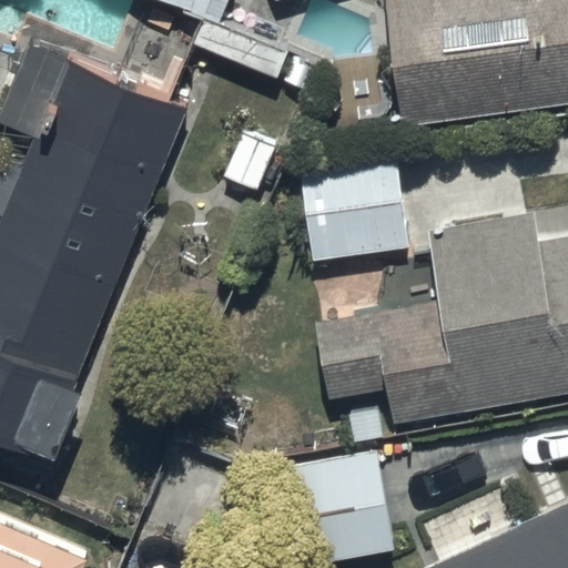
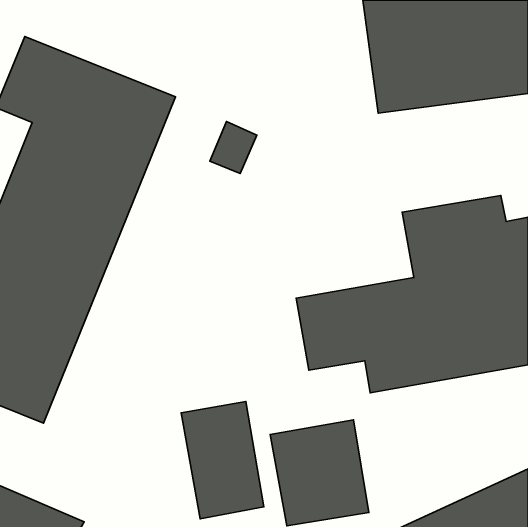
building: [301,155,409,262] -> none
building: none -> [181,402,264,519]

